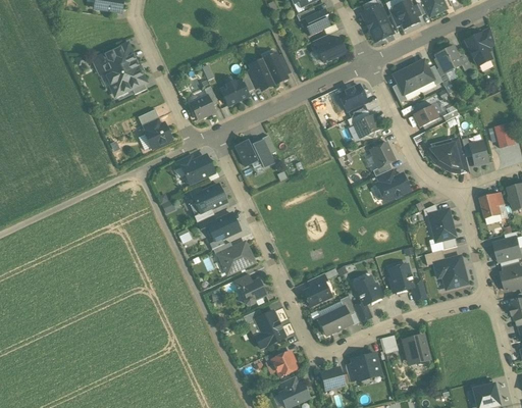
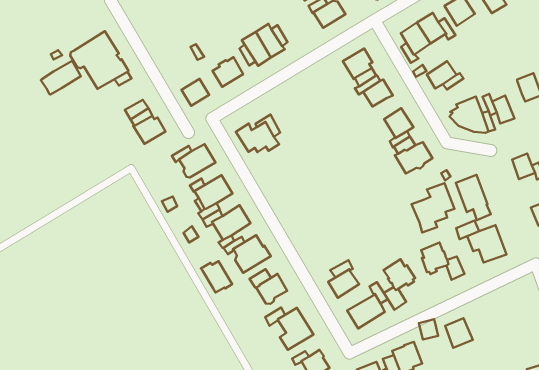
building: none -> [41,61,81,95]
building: none -> [412,183,454,233]
building: none -> [201,261,232,293]

